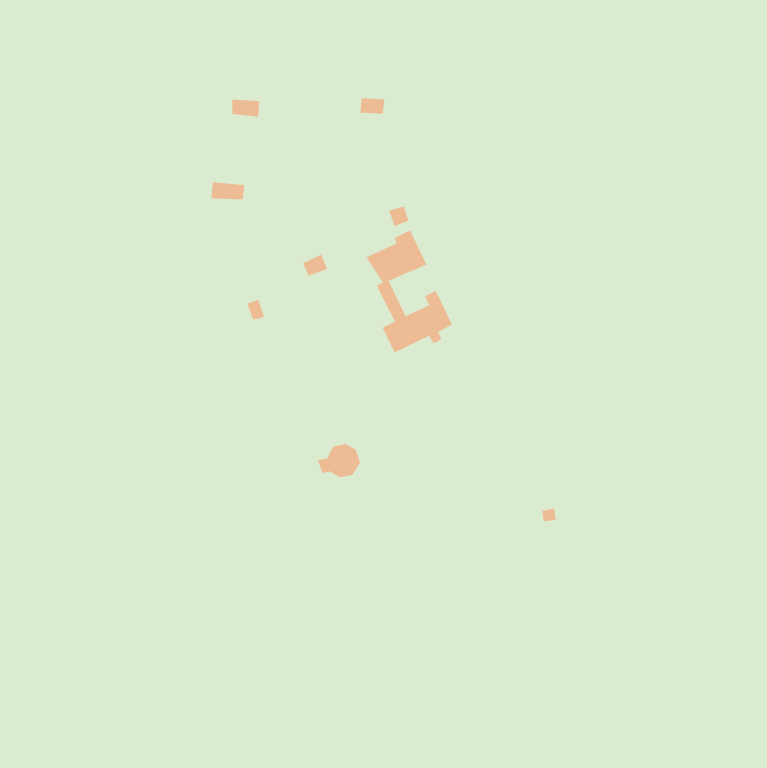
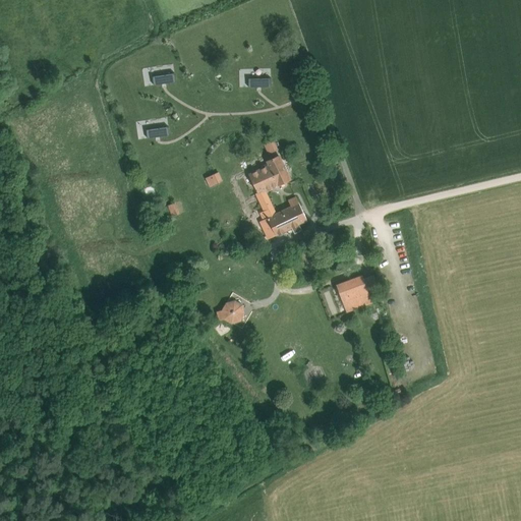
building: none -> [337,278,370,306]

